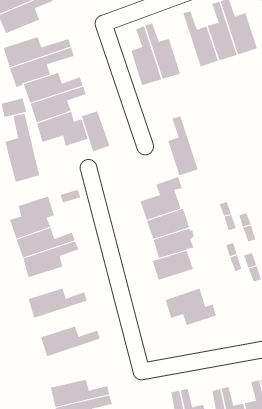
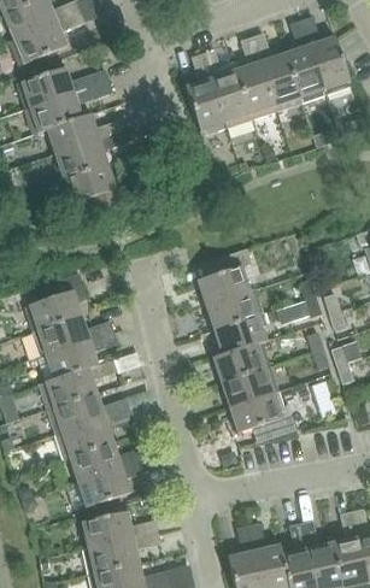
building: [81,110,110,152] -> none
building: [5,113,40,183] -> none
building: [168,116,198,176] -> [235,37,275,116]
building: none -> [43,360,117,407]
building: none -> [221,369,275,408]
building: none -> [59,410,134,457]
building: none -> [76,459,149,507]

